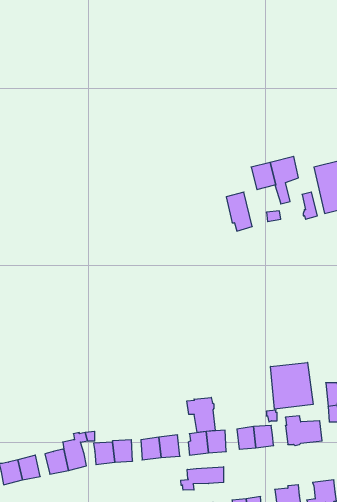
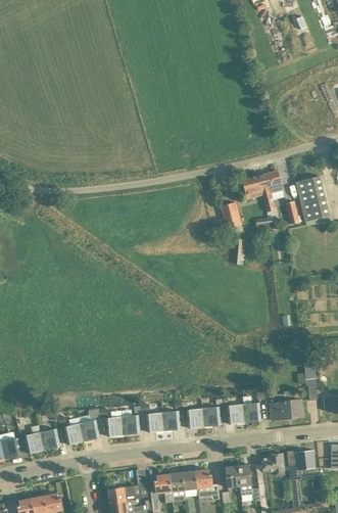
building: [271,362,313,409] -> none
building: [187,397,215,432] -> none
building: [181,467,224,490] -> none

